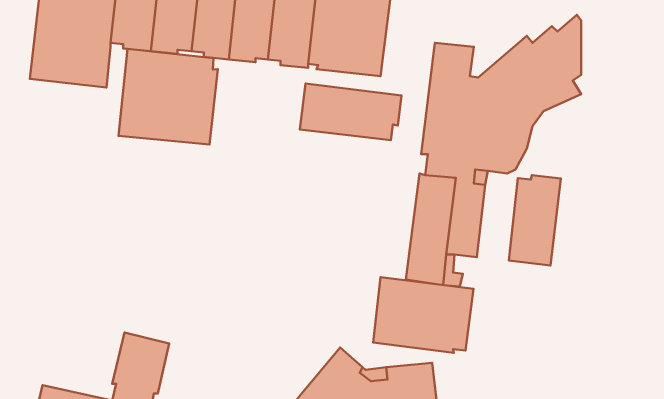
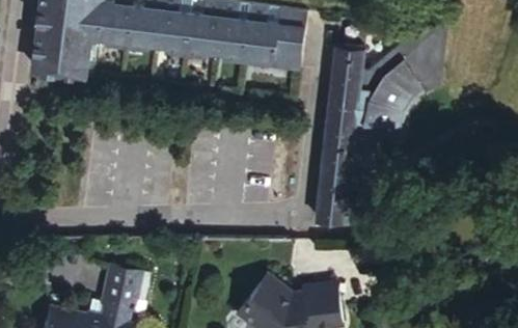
building: [118,49,218,145] -> none
building: [300,84,402,140] -> none
building: [509,175,561,265] -> none
building: [373,277,473,353] -> none

